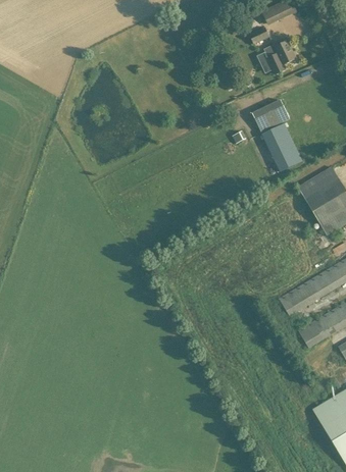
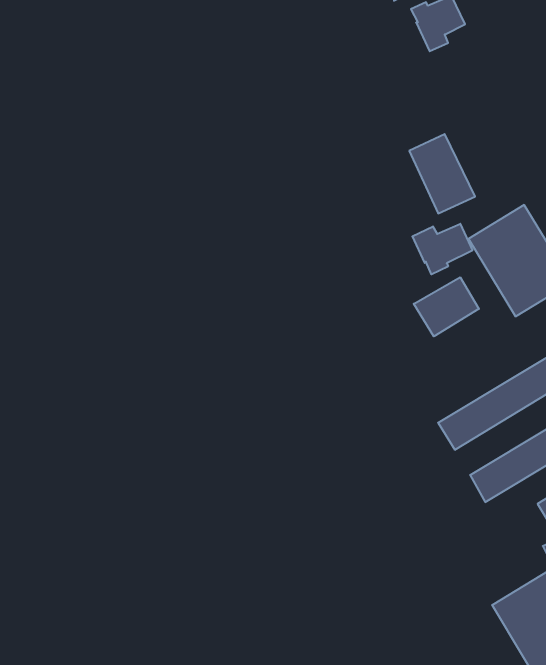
building: [251,99,290,133] -> none
building: none -> [412,224,472,274]
building: none -> [414,277,479,336]

